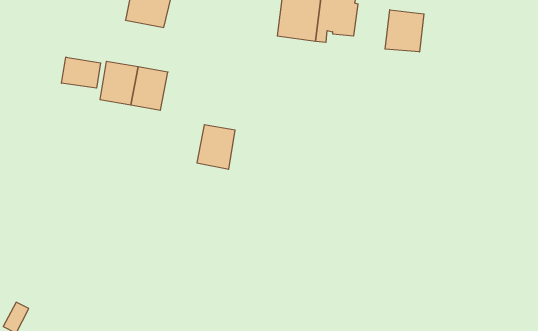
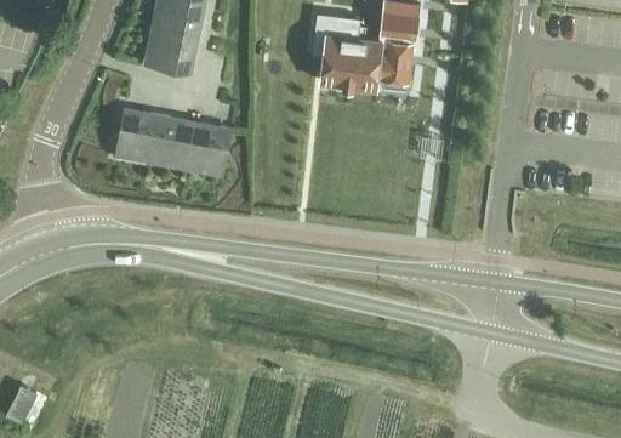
building: [385,10,424,52] -> none
building: [61,57,101,88] -> none
building: [197,125,235,169] -> [186,124,229,175]

